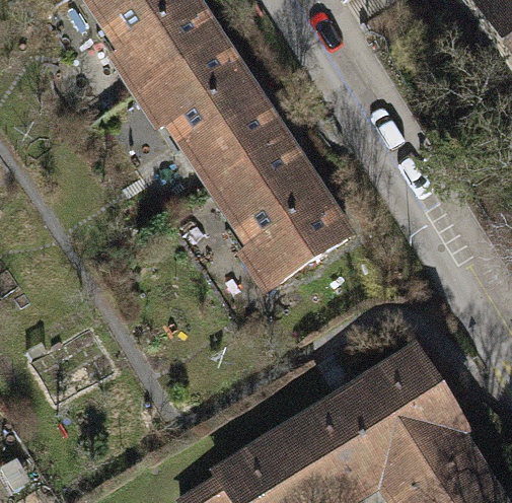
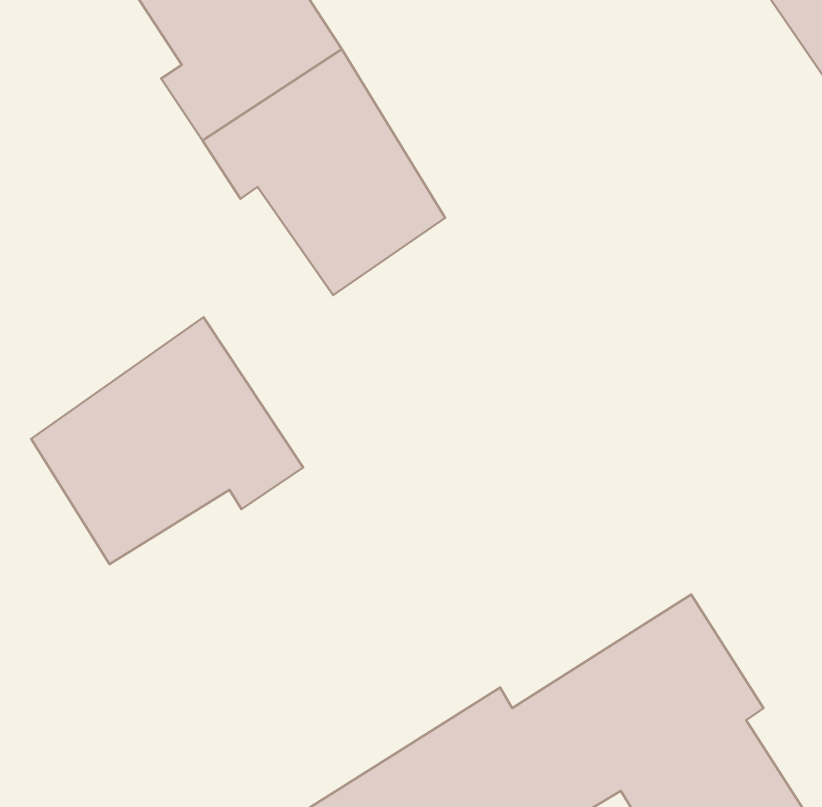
building: [214,138,349,289] -> none
building: none -> [31,317,303,564]

